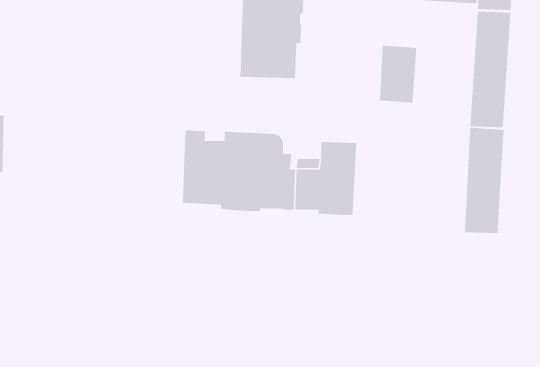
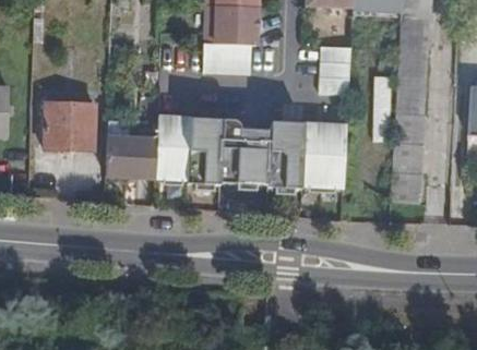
building: none -> [45,101,96,148]
building: none -> [299,122,348,186]
building: none -> [106,136,157,177]

